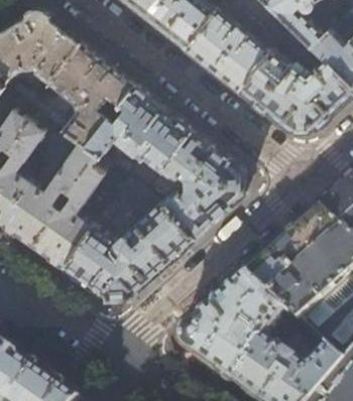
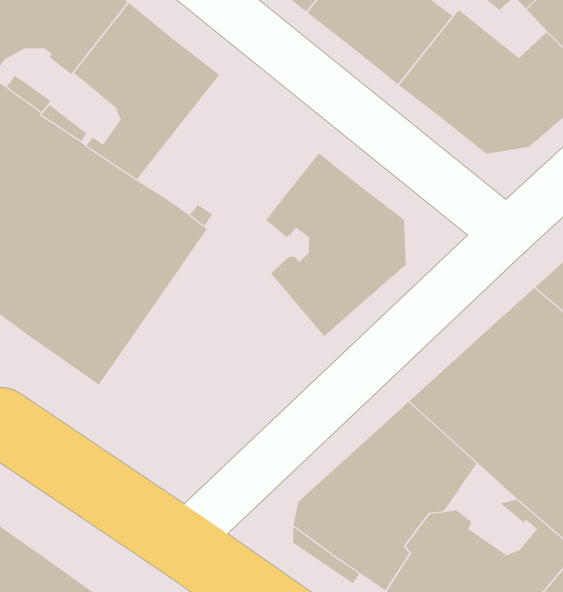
building: [85,84,191,169] -> none
building: [63,173,194,295] -> none

